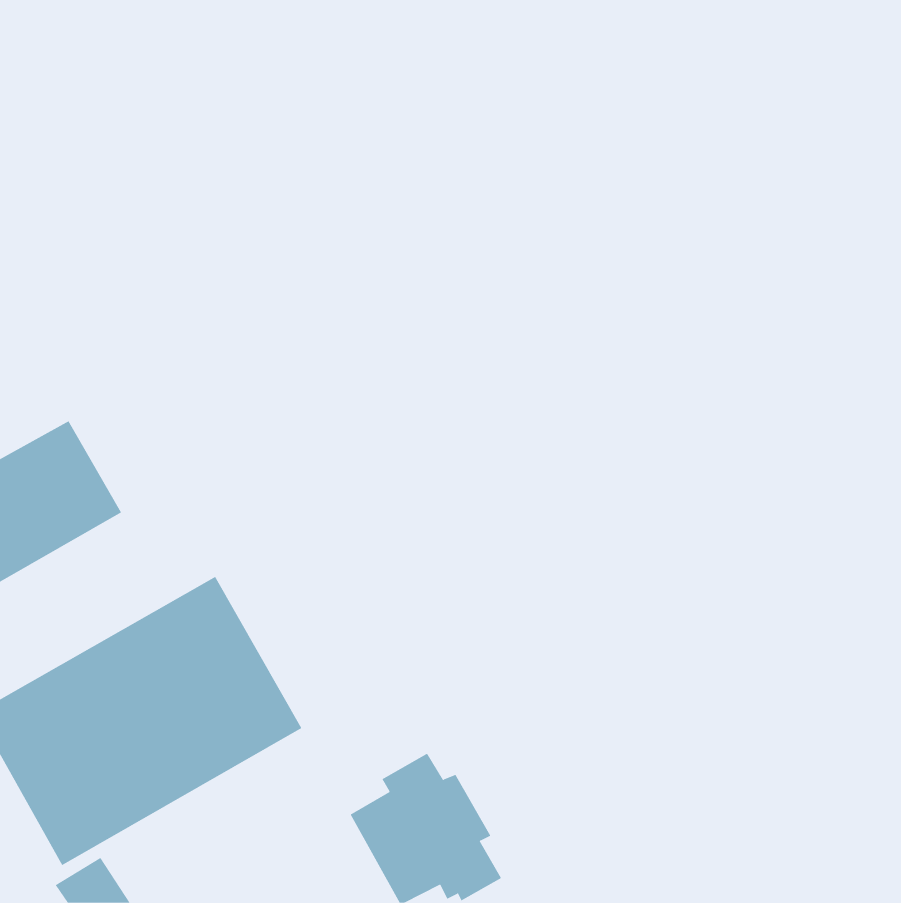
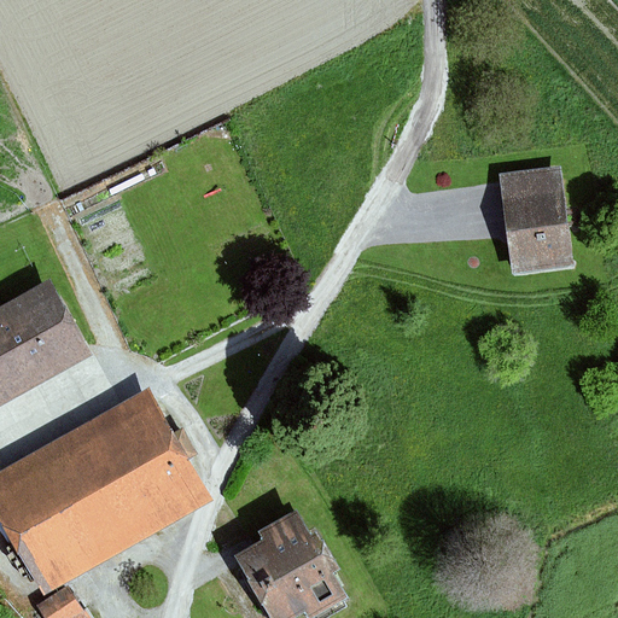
building: none -> [501,170,571,268]

